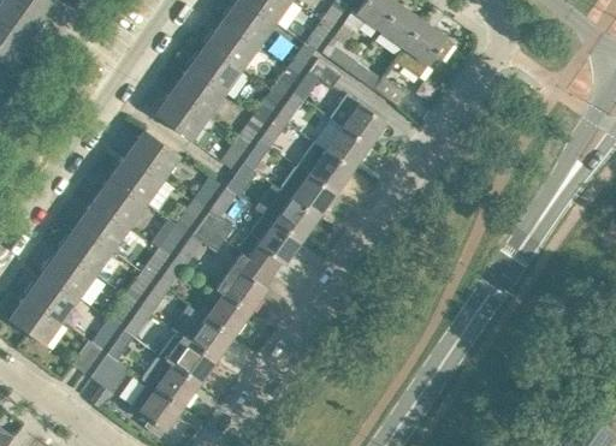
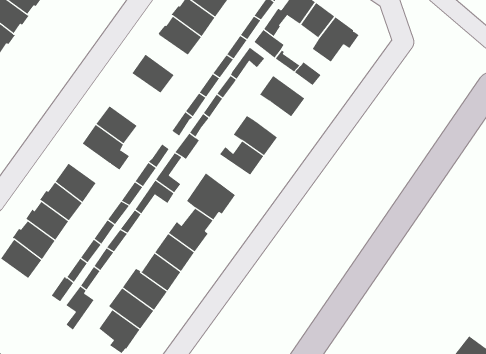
building: [186,44,242,94] -> none
building: [155,91,208,141] -> none
building: [325,126,369,171] -> none
building: [94,178,146,227] -> none
building: [255,185,319,242] -> none

